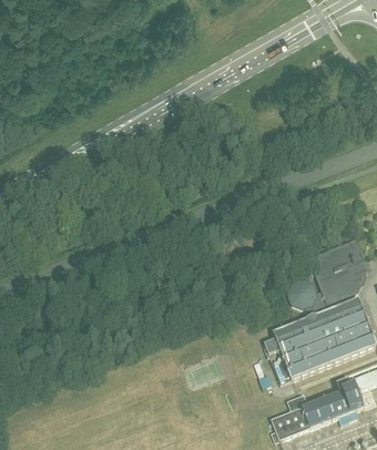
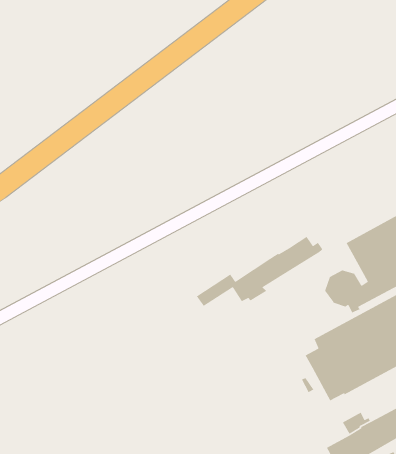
building: none -> [196,236,323,307]

